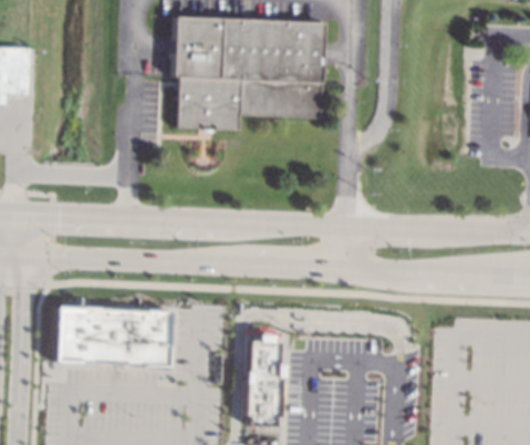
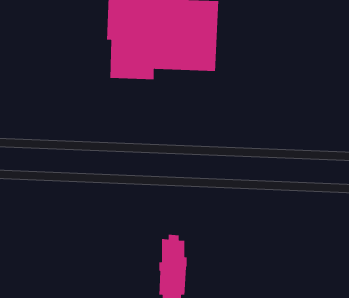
building: [54,306,169,365] -> none

